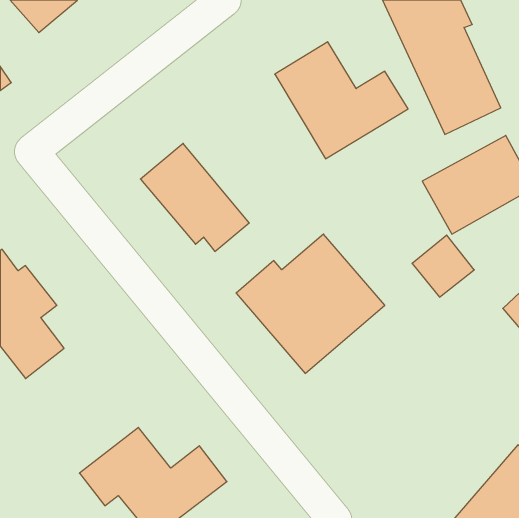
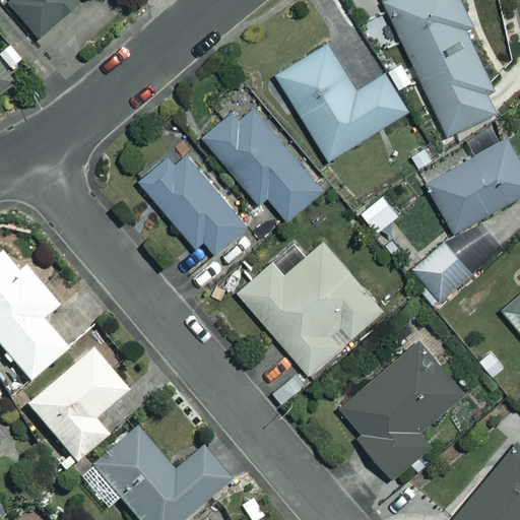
building: none -> [201,86,324,220]
building: none -> [339,340,464,479]
building: none -> [26,348,128,460]

